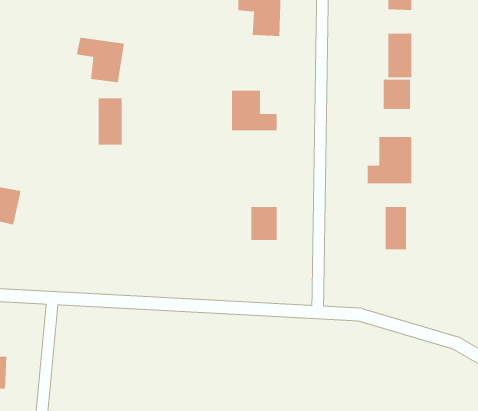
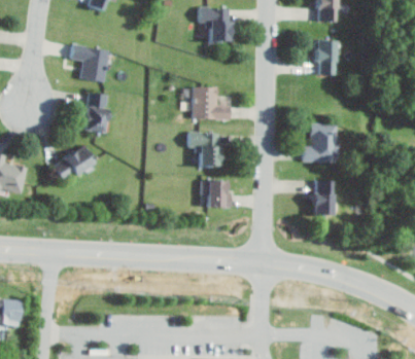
building: [383,79,411,110] -> none
building: none -> [187,133,220,167]
building: none -> [51,146,95,183]

